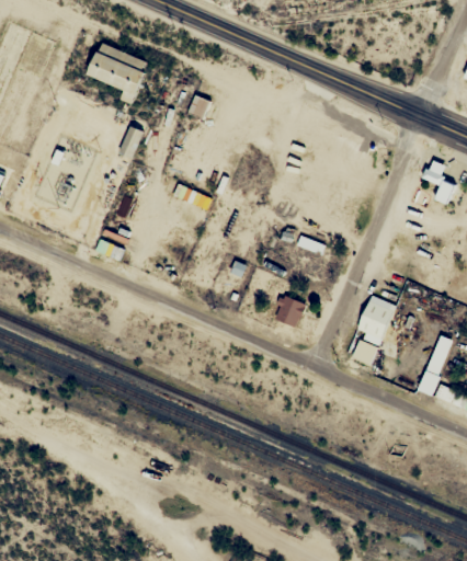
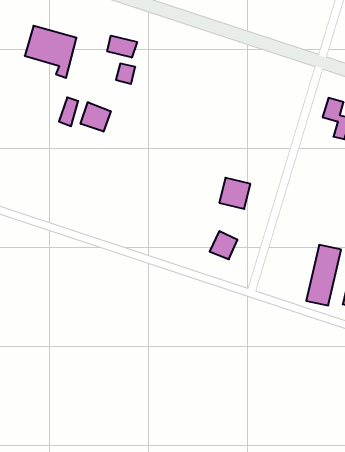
building: none -> [107,36,137,58]
building: none -> [81,102,111,132]
building: [350,295,395,364] -> [306,245,341,305]

